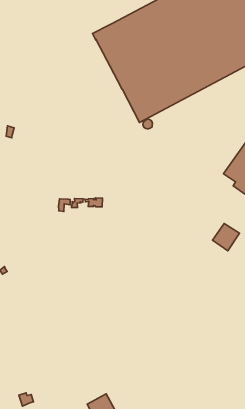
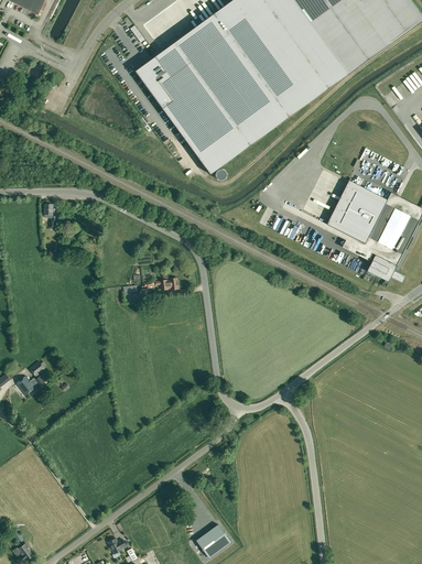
building: [213,224,239,251] -> none

